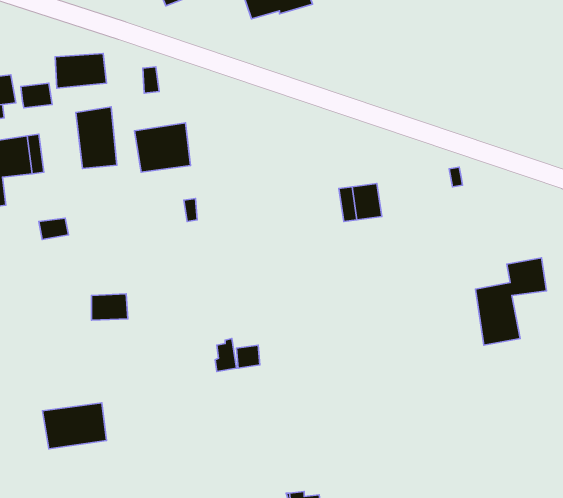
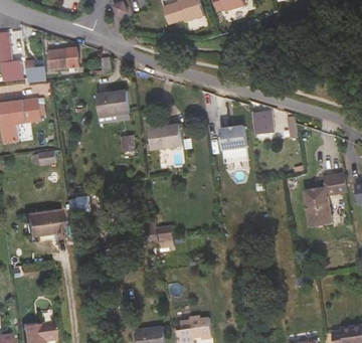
building: [76,107,117,168] -> none
building: none -> [253,110,274,134]
building: none -> [149,123,182,149]
building: [42,403,107,449] -> [25,204,64,232]

